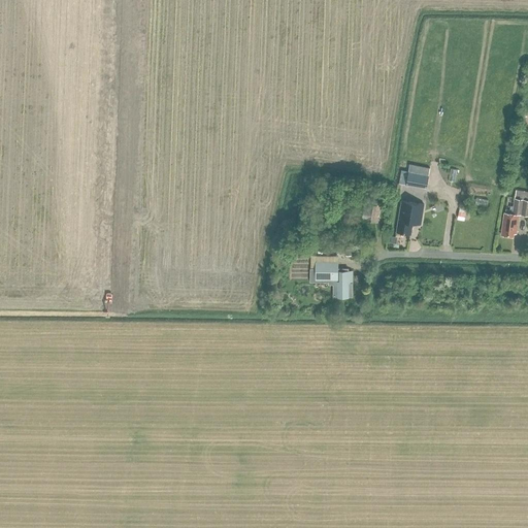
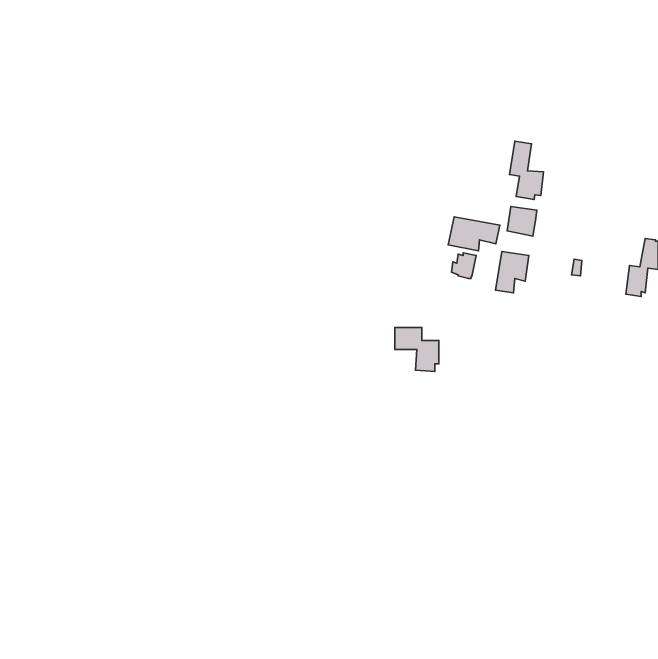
building: none -> [510,141,543,199]
building: none -> [448,217,500,251]

